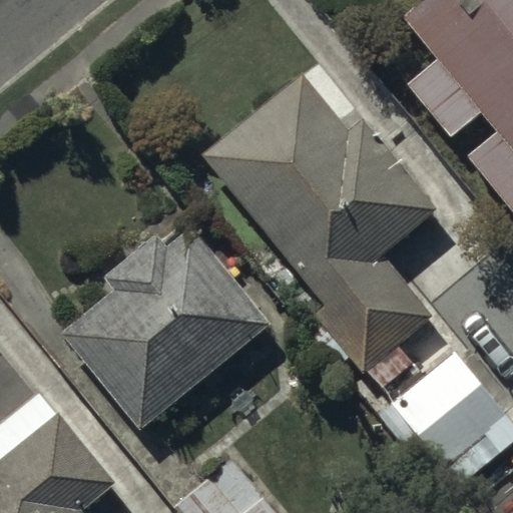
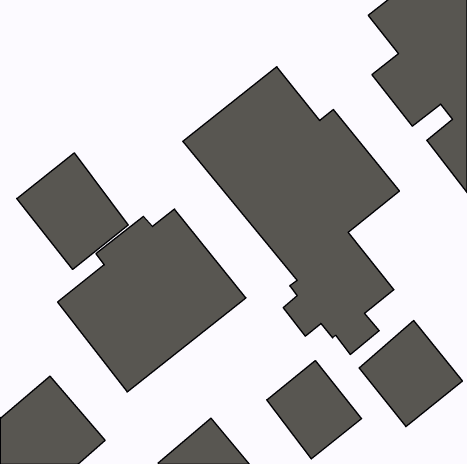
building: none -> [17,153,128,269]
building: none -> [267,361,362,459]

